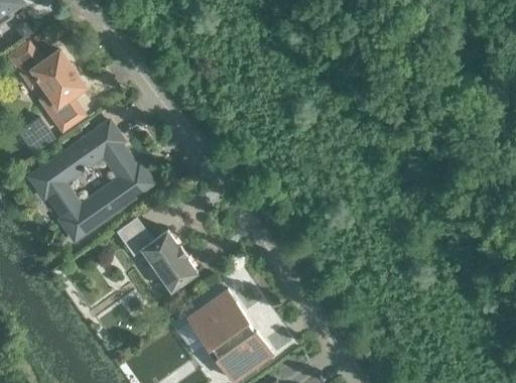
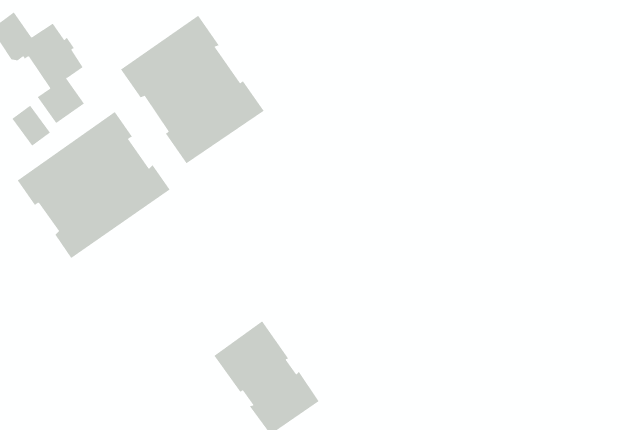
building: none -> [120,15,264,164]
building: [124,229,196,290] -> none

